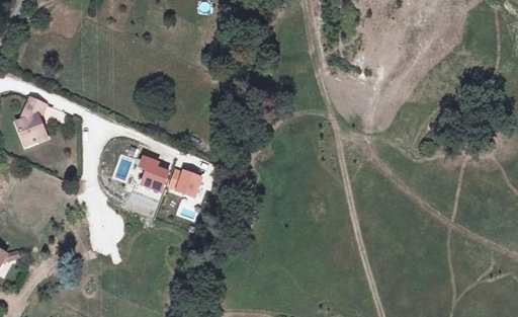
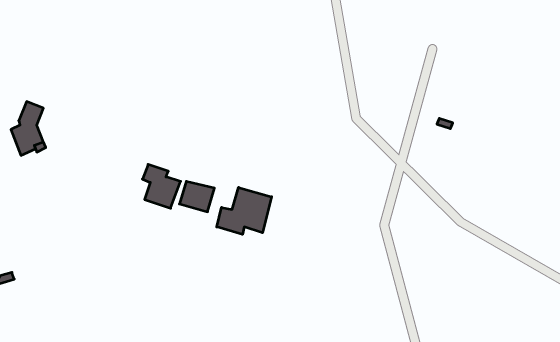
building: none -> [217,187,272,234]

